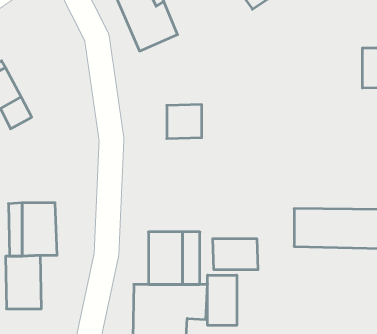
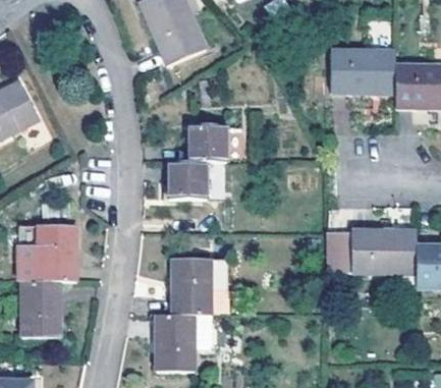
building: none -> [330,49,396,91]
building: none -> [172,158,228,197]
building: [213,239,258,270] -> none
building: [208,275,237,325] -> none

